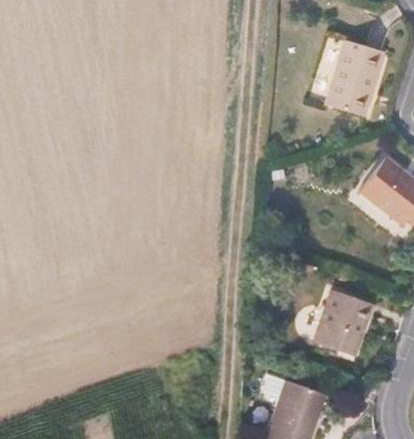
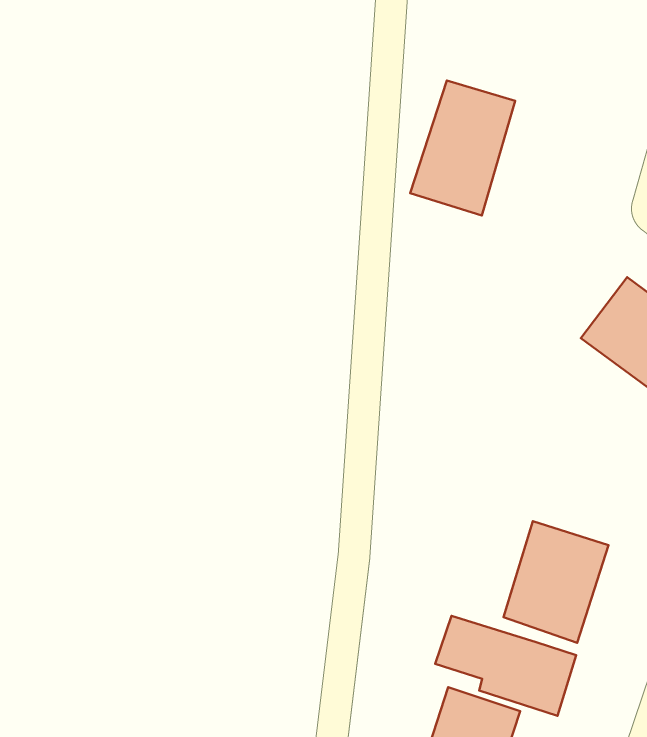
building: [324,40,381,113] -> [410,80,515,215]
building: none -> [435,616,576,716]

